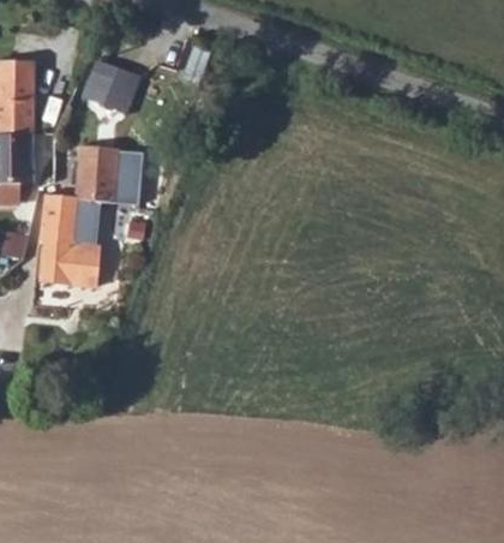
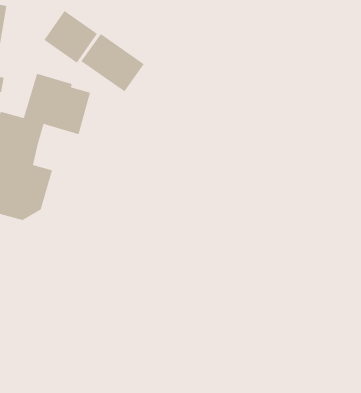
building: none -> [81,33,145,92]

